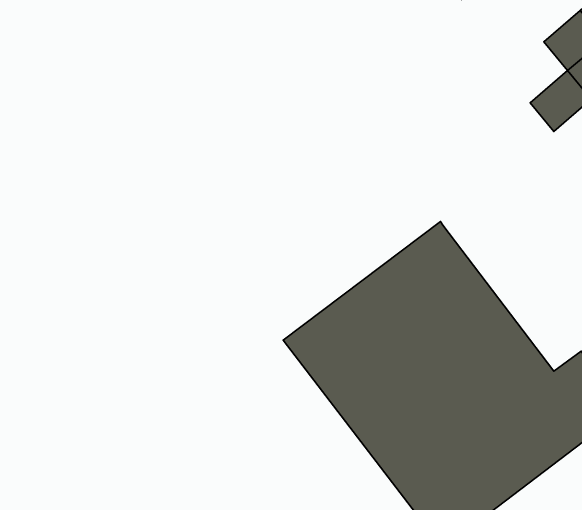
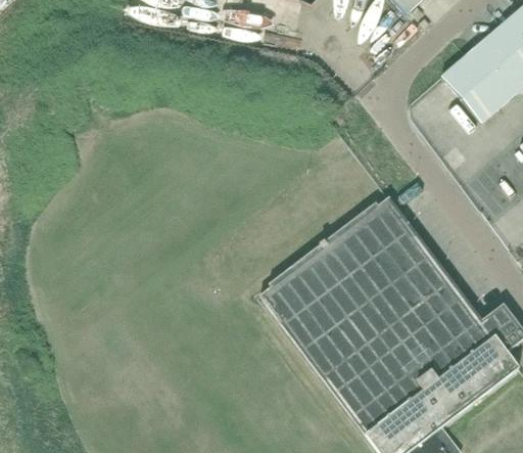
building: none -> [441,49,492,99]

